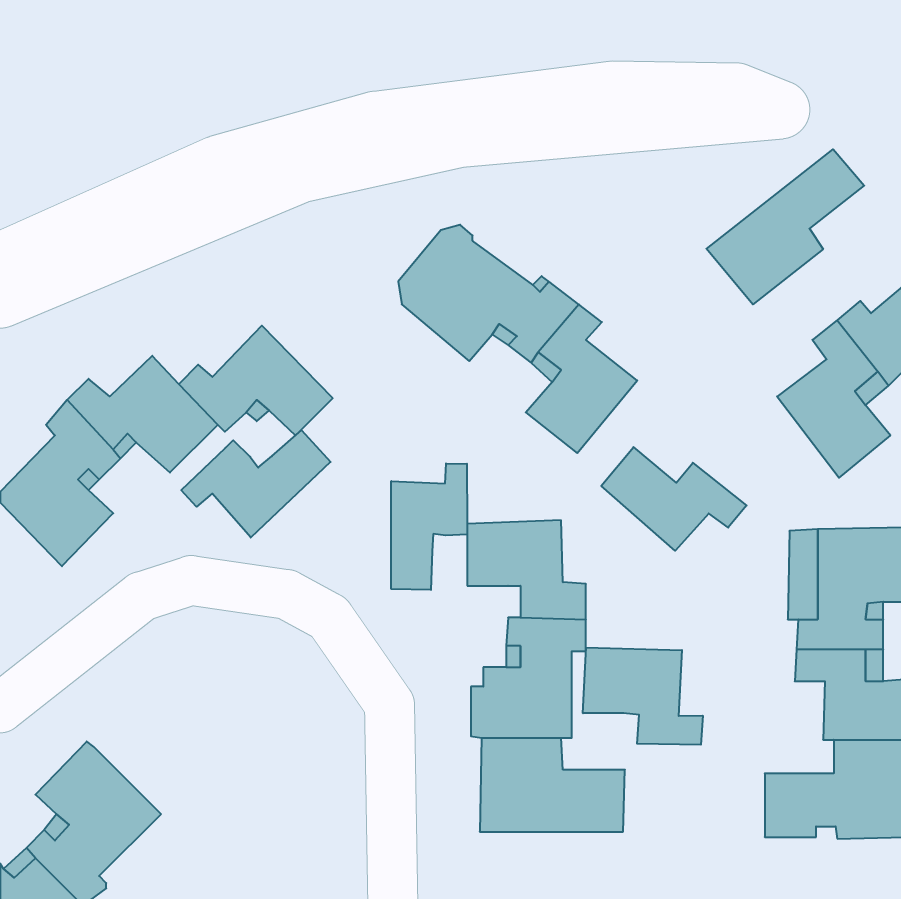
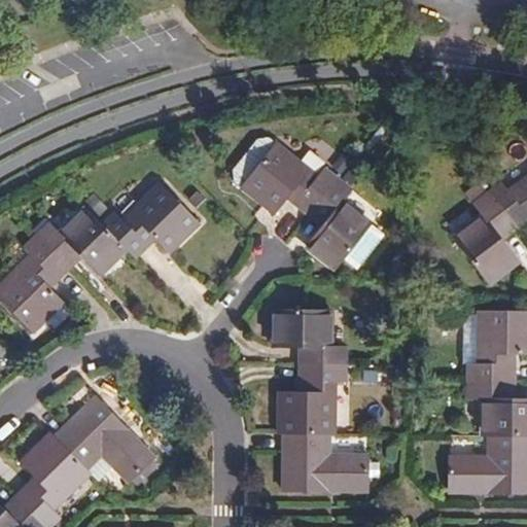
building: [706,149,864,304] -> none
building: [181,430,331,538] -> none
building: [601,447,747,551] -> none
building: [391,463,467,590] -> none
building: [583,648,703,745] -> none
building: none -> [57,398,157,486]

